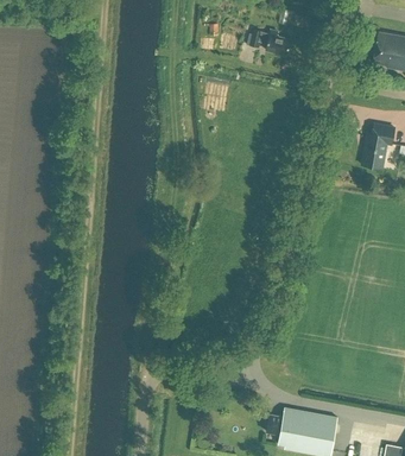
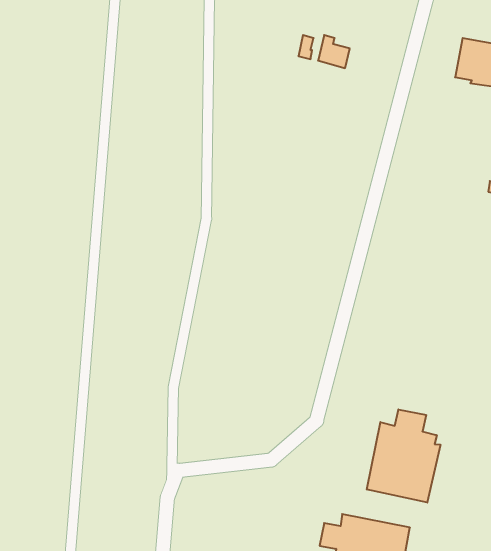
building: [365,125,397,169] -> none
building: none -> [367,409,440,503]

